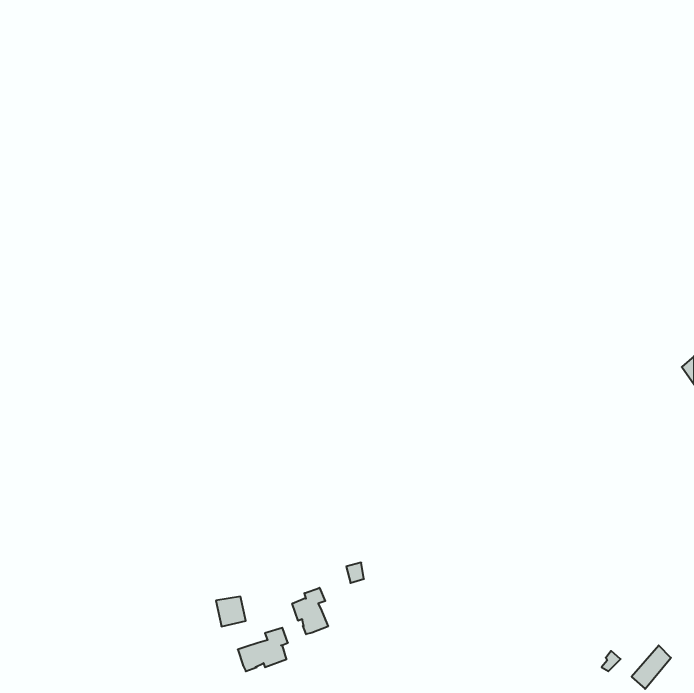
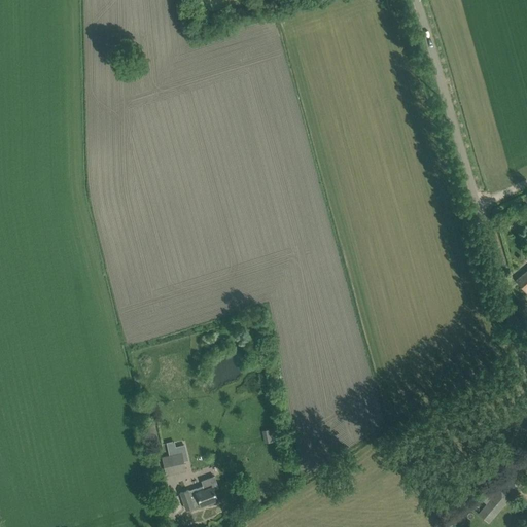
building: [292,588,328,634] -> none

